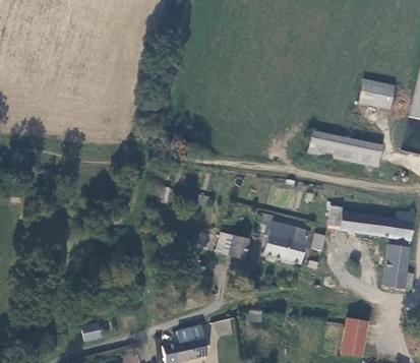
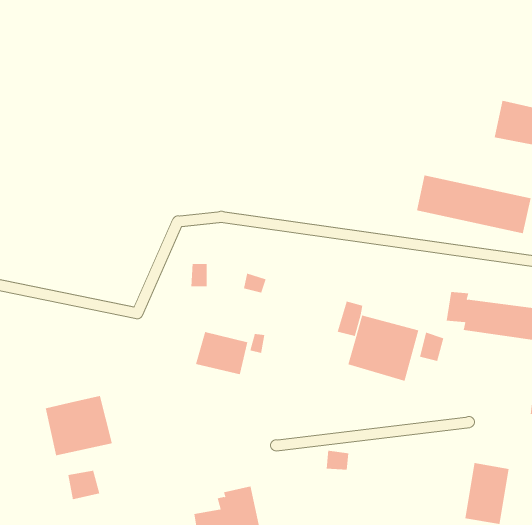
building: [215,230,249,258] -> [195,331,248,375]
building: none -> [45,395,112,456]

